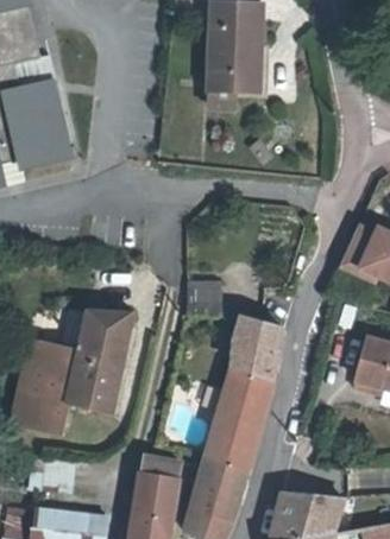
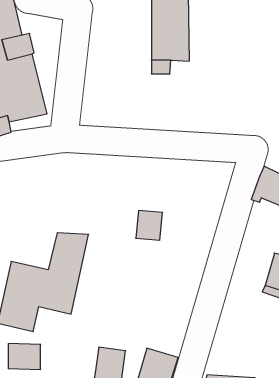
building: [203,315,281,470] -> none

